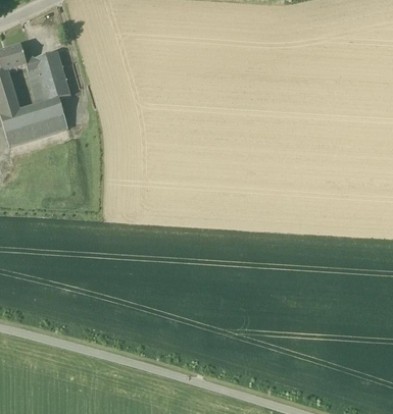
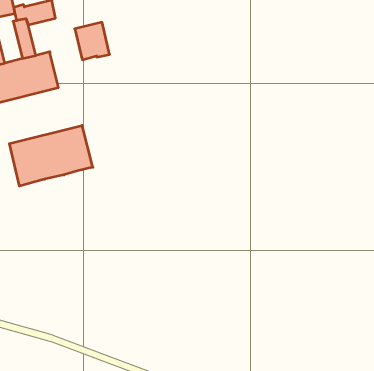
building: [38,67,69,101] -> [75,22,110,60]
building: none -> [9,125,93,186]

